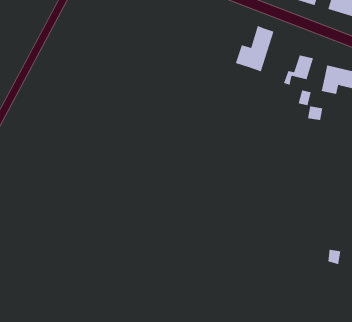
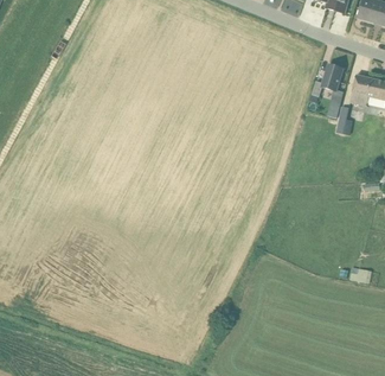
building: [235,25,274,72] -> none

